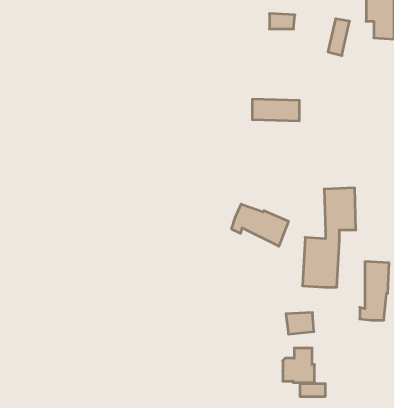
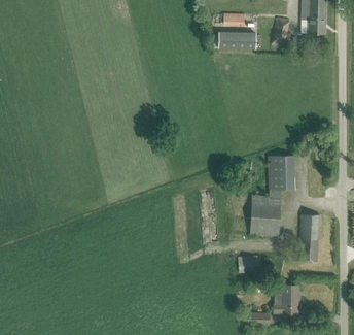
building: [252,99,299,121] -> [222,31,260,48]
building: [232,204,288,246] -> none
building: [283,348,315,382] -> [274,286,299,313]

